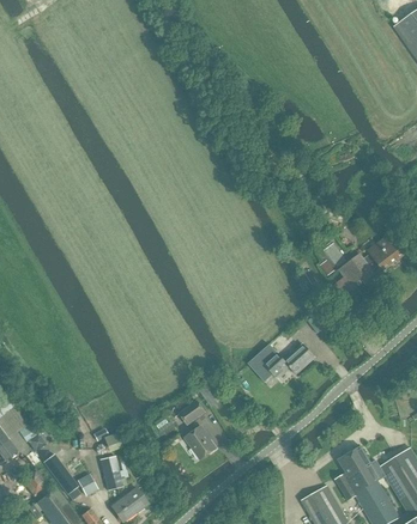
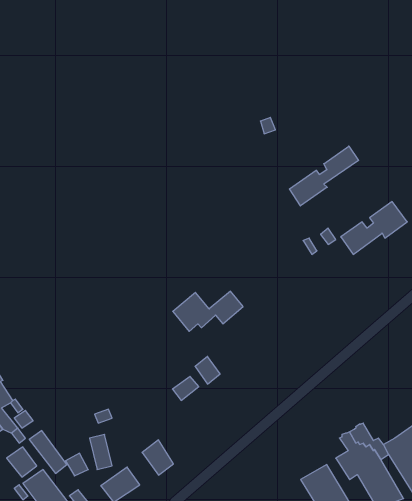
building: none -> [289,146,359,206]
building: [248,343,315,382] -> [173,291,243,331]
building: [186,427,216,461] -> [142,440,173,475]

